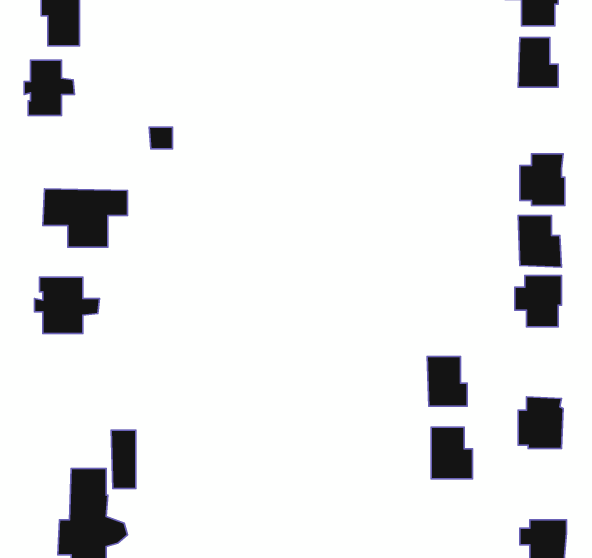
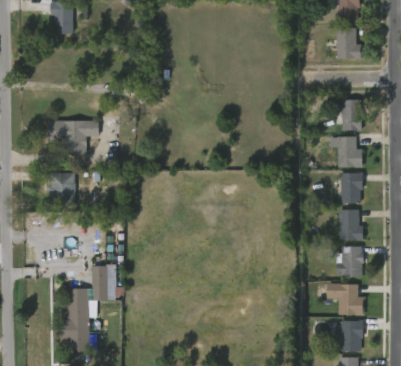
building: [24,60,74,116] -> none
building: [427,356,467,406] -> [338,209,362,239]
building: [431,427,473,479] -> [340,283,365,314]

